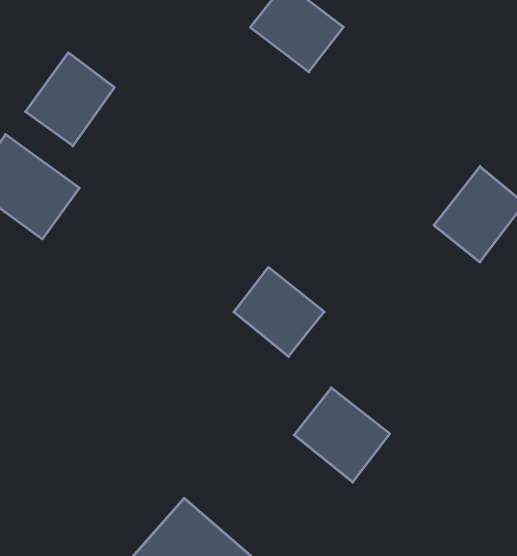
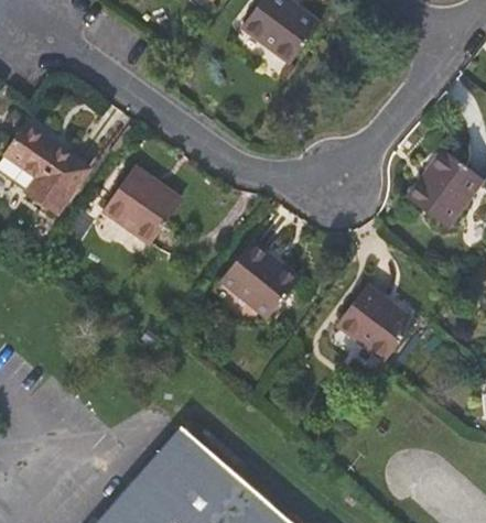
building: [25,53,114,146] -> none
building: none -> [106,157,183,237]
building: [294,388,390,482] -> [327,285,410,367]

